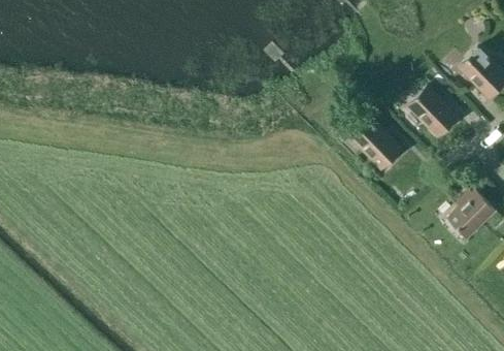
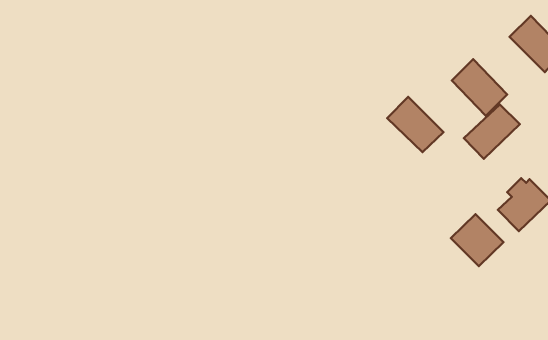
building: none -> [464,105,520,159]
building: none -> [451,214,503,266]

